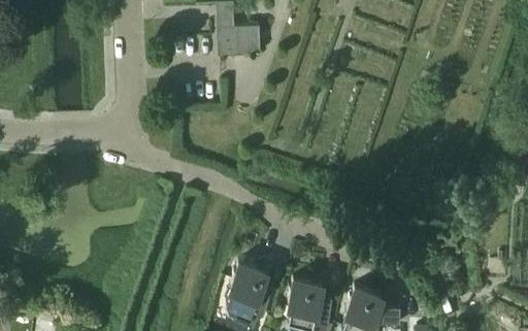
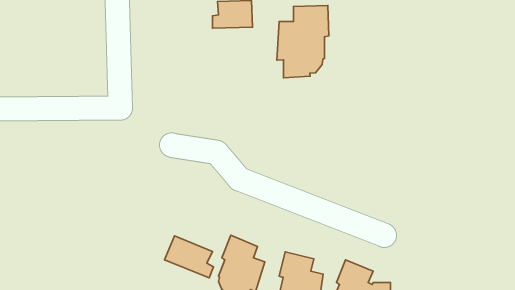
building: none -> [277,5,329,78]
building: none -> [165,236,213,278]

